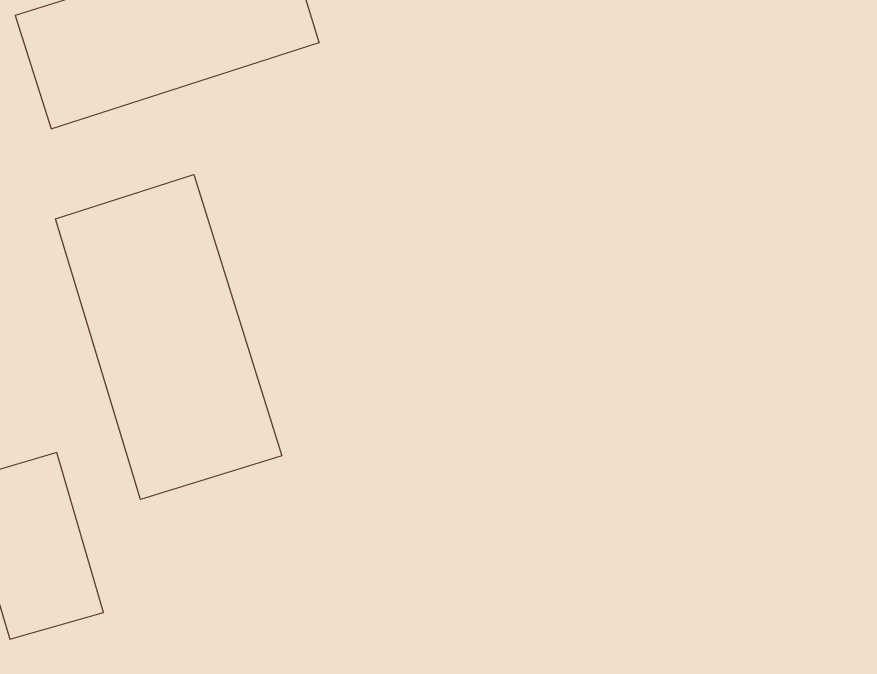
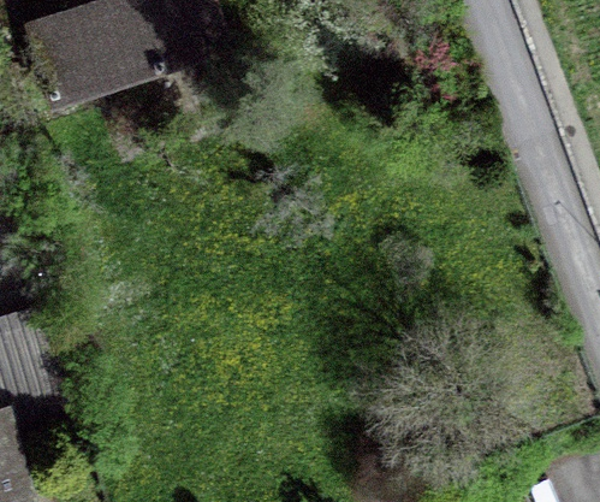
building: [56,175,282,499] -> none

